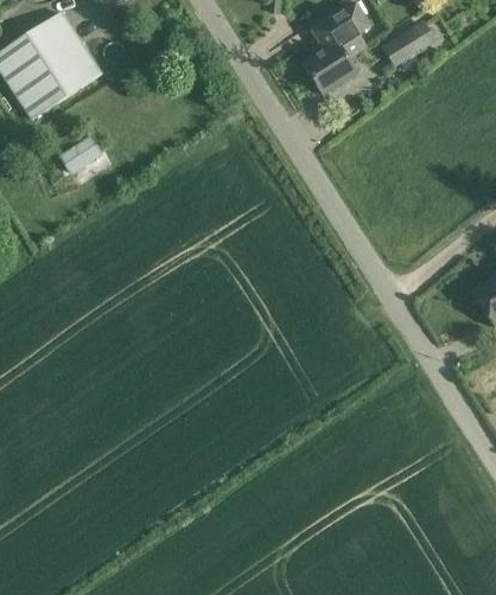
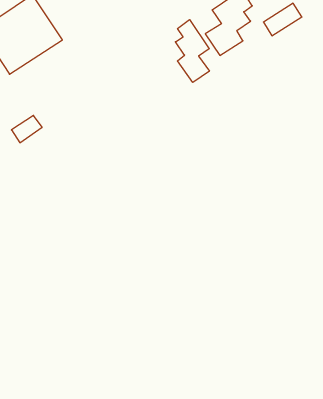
building: none -> [175,20,209,82]
building: [59,133,102,171] -> [11,115,42,143]

